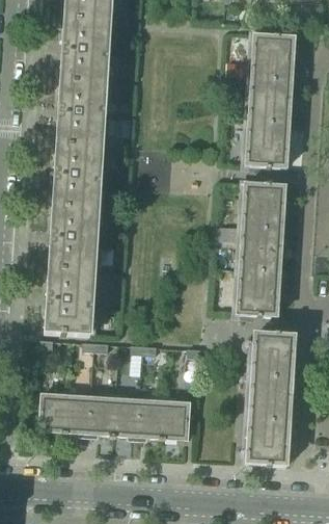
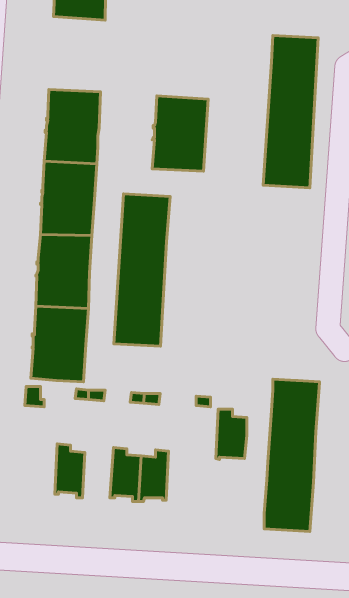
building: [60,18,109,83] -> [152,96,208,171]
building: [237,183,285,315] -> [114,194,170,346]
building: [40,389,67,433] -> none
building: [89,391,116,437] -> none
building: [162,395,189,439] -> [216,409,247,460]

